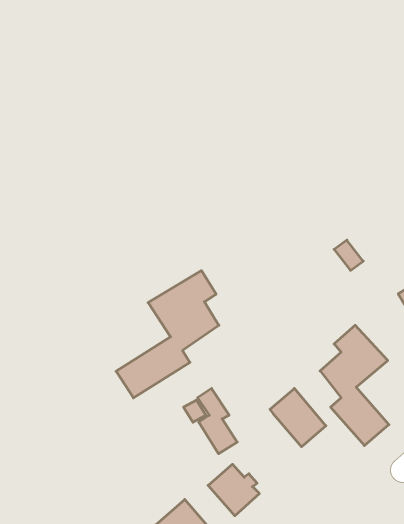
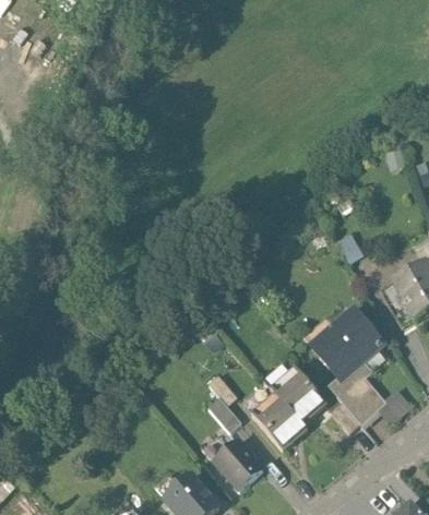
building: [116,271,219,398] -> none
building: none -> [252,392,306,446]

